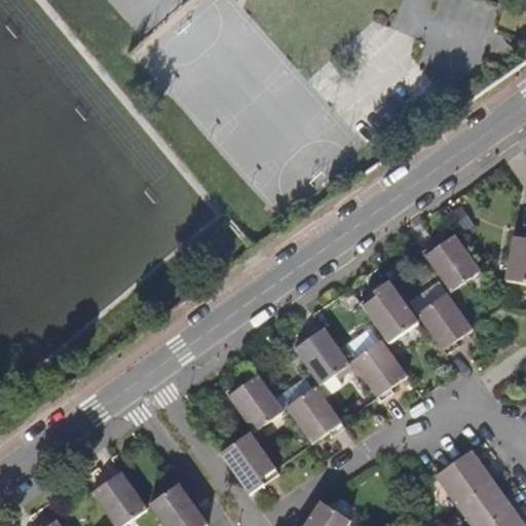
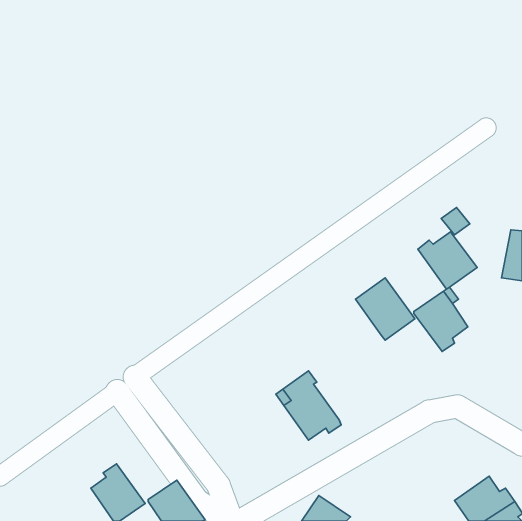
building: [293,322,347,384] -> none
building: [351,338,406,401] -> none
building: [224,373,283,430] -> none
building: [221,434,277,493] -> none
building: [437,449,496,503] -> none

